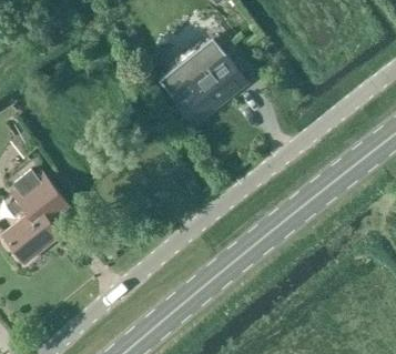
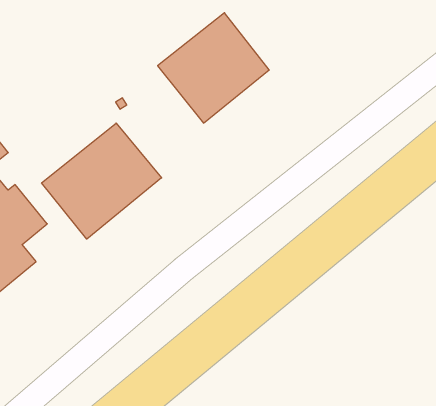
building: none -> [42,123,162,239]

